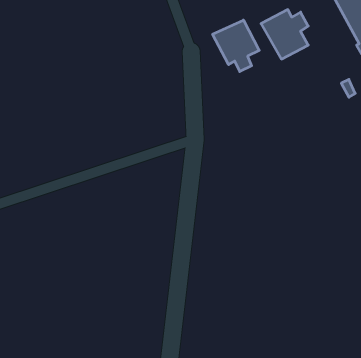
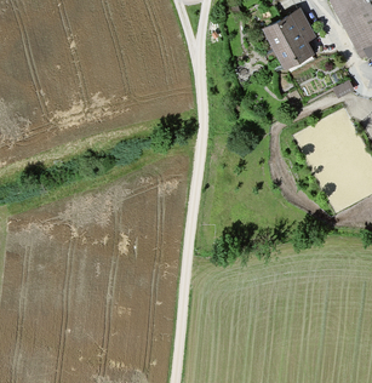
building: [213,20,259,72] -> none

